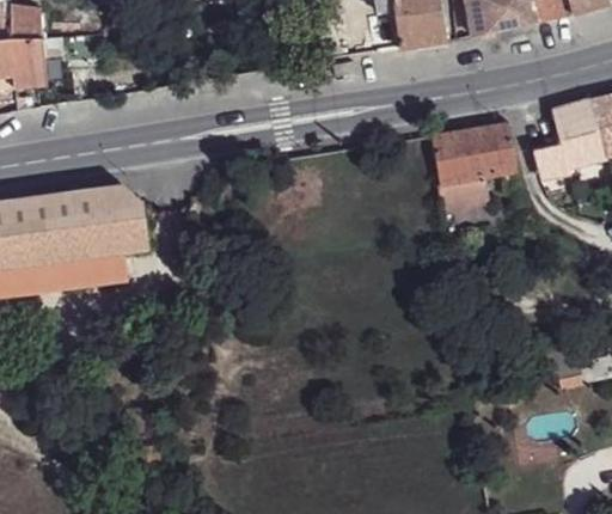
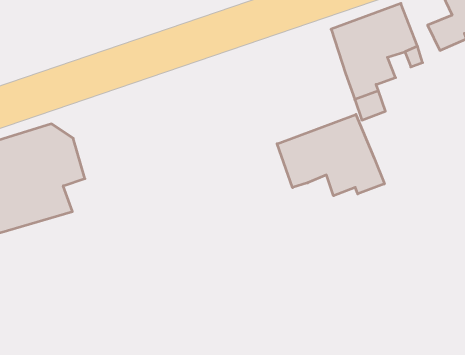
building: none -> [277,114,384,196]

